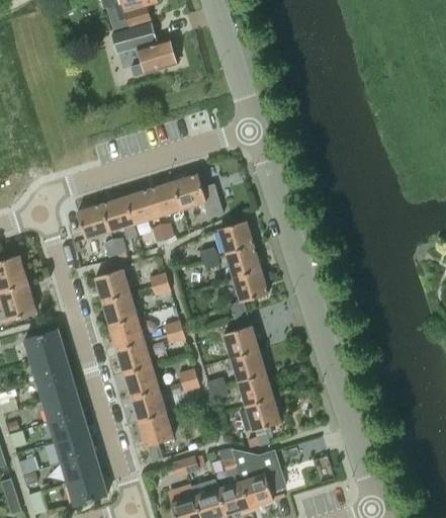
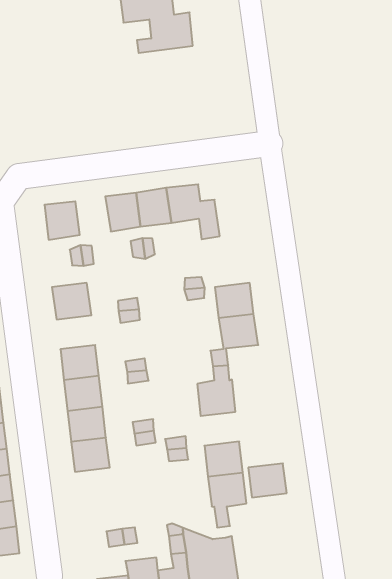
building: [102,196,135,231] -> none
building: [218,221,253,254] -> none
building: [103,293,138,325] -> none
building: [232,351,266,382] -> [248,463,287,497]
building: [139,413,173,461] -> none

